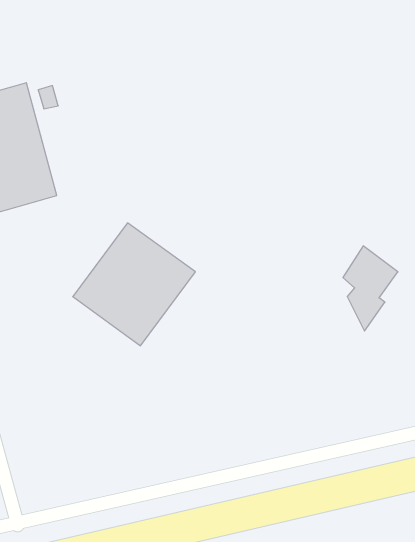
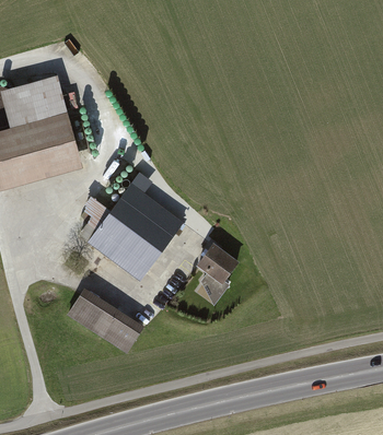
building: [343,246,398,331] -> [197,240,239,305]
building: none -> [68,286,143,350]

